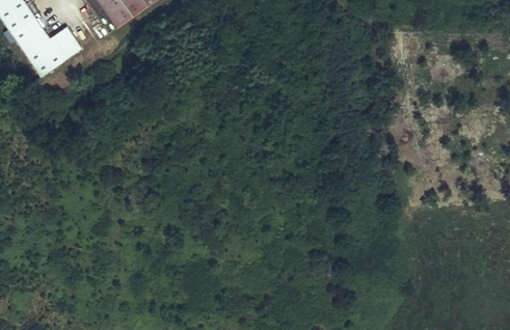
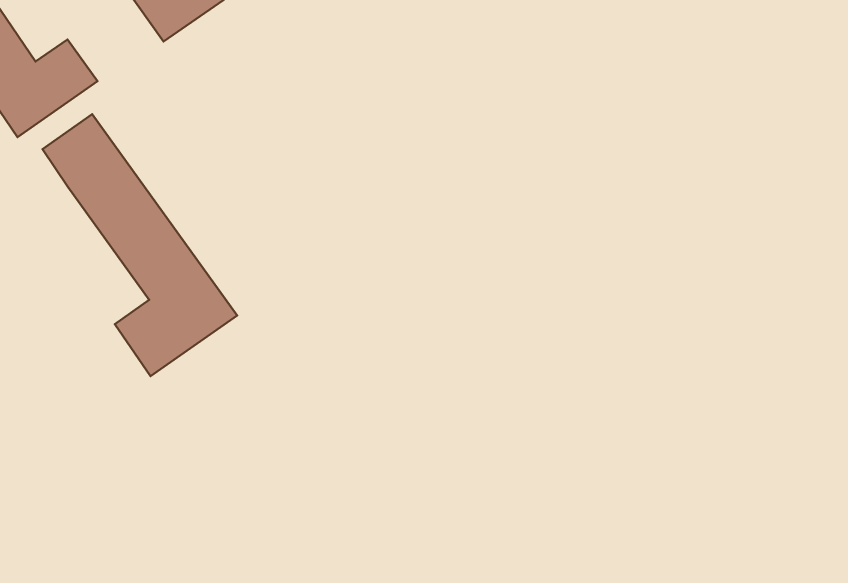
building: none -> [43,114,237,376]

